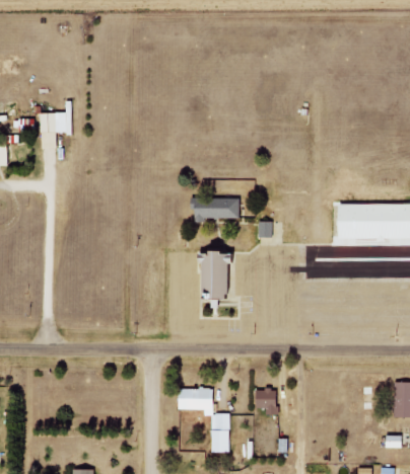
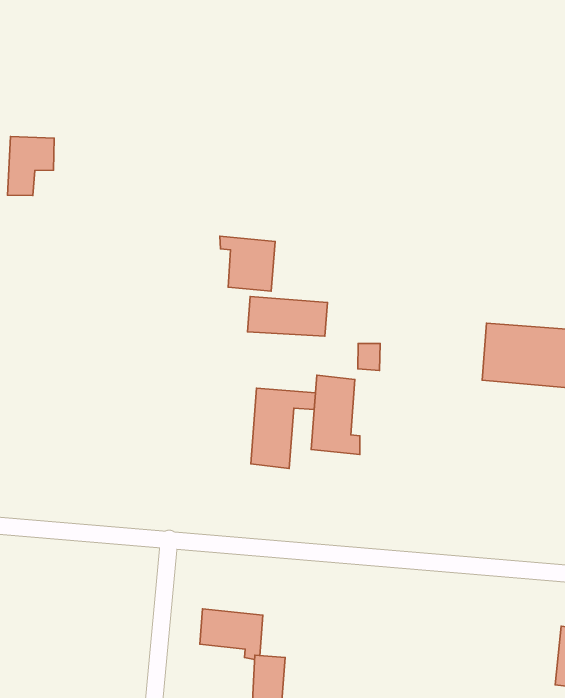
building: none -> [220,236,275,291]
building: none -> [311,375,360,455]
building: [255,389,279,415] -> none

